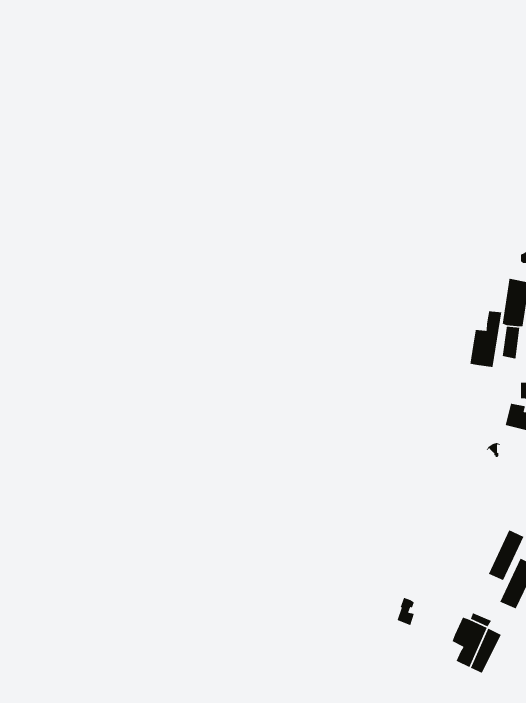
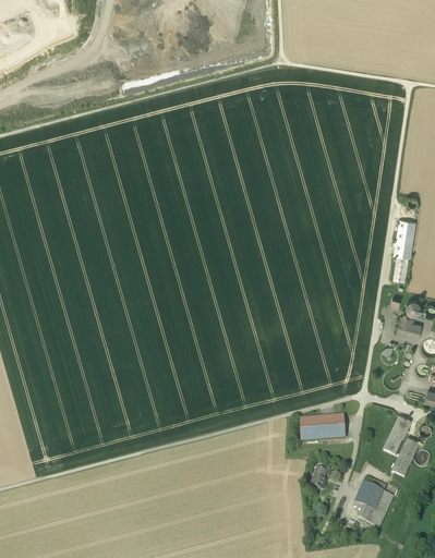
building: [470,311,502,368] -> none
building: none -> [300,414,345,439]

